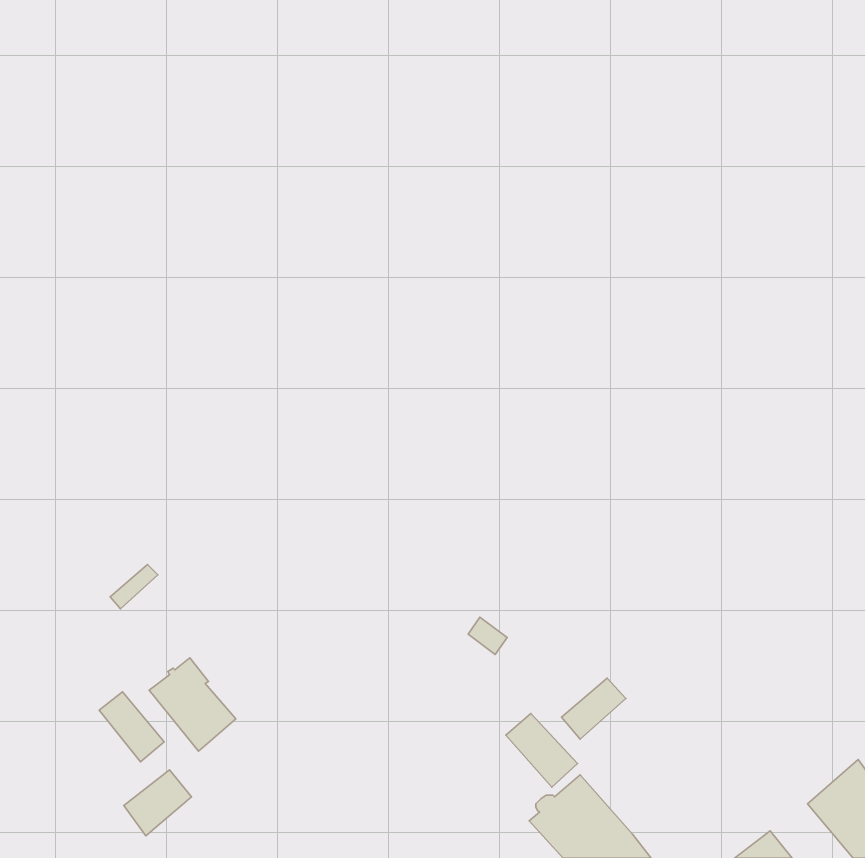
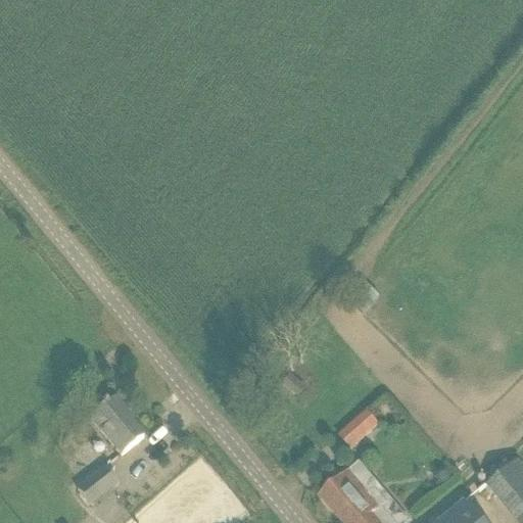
building: [99,692,164,762] -> none
building: [506,714,577,787] -> none

